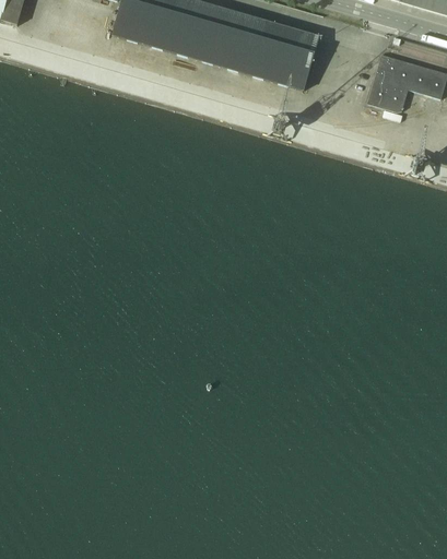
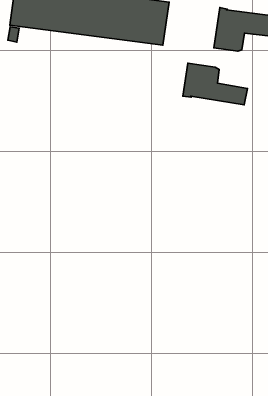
building: none -> [183,63,248,105]

